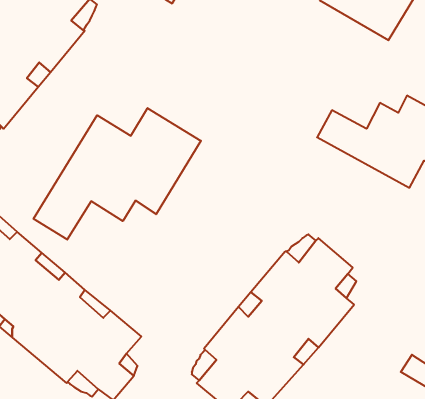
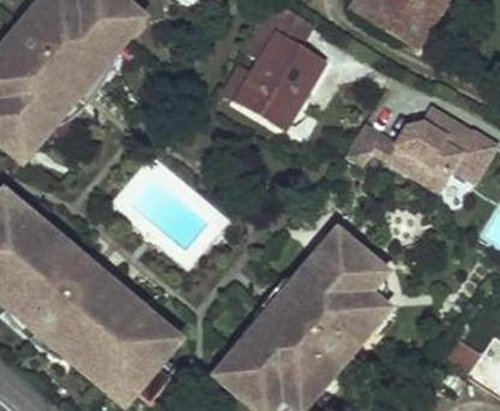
building: none -> [224,34,323,127]
building: [34,108,201,240] -> none

